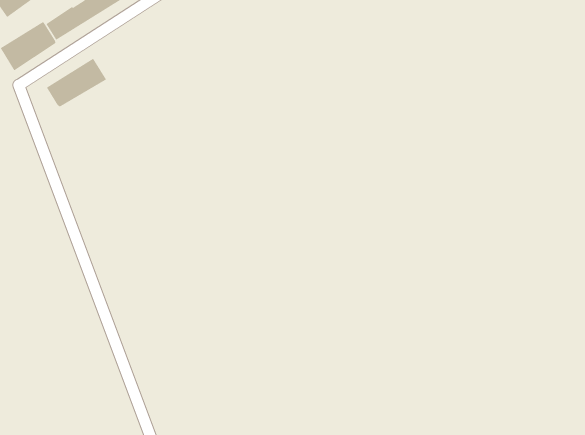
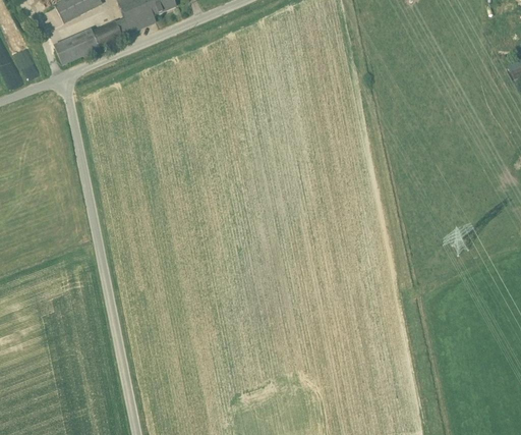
building: [46,58,107,107] -> none

